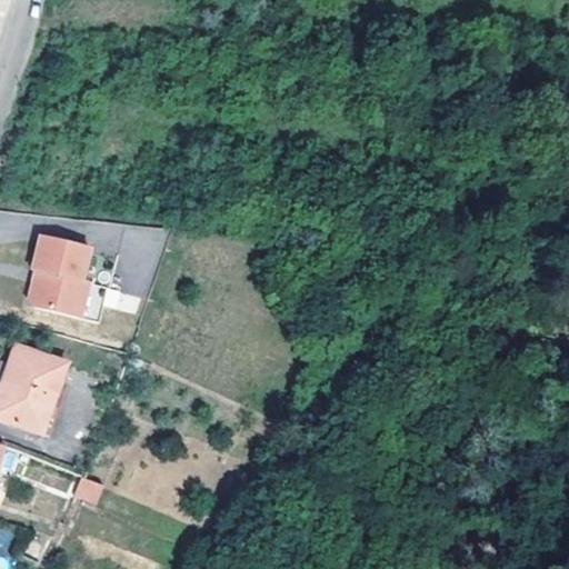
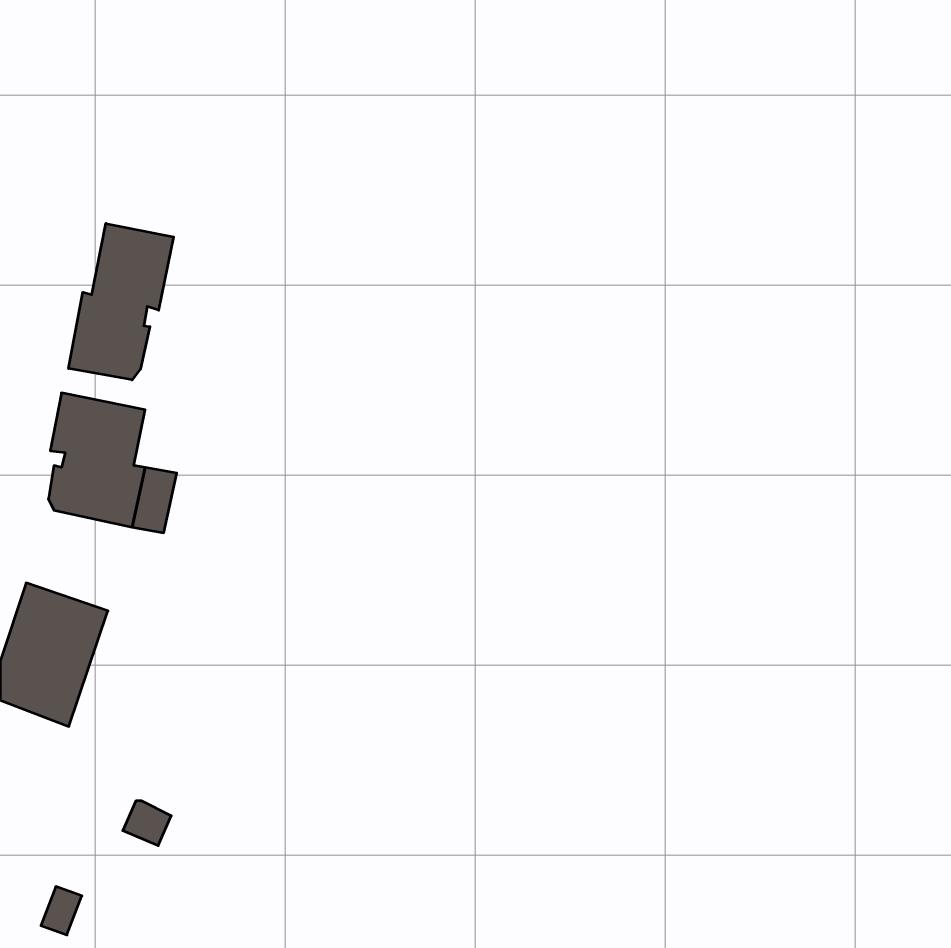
building: none -> [69,223,174,380]

